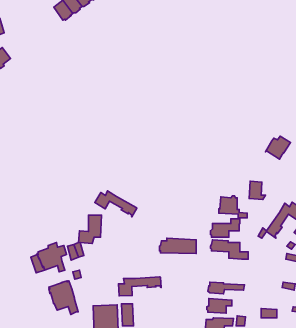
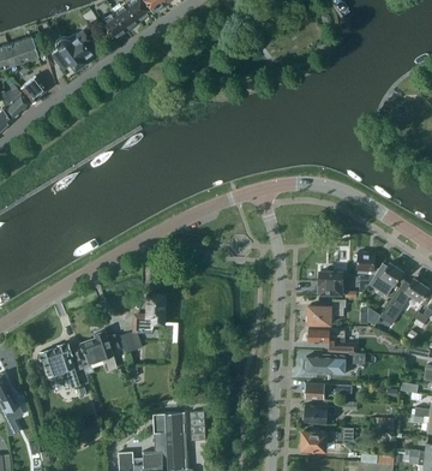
building: none -> [52,32,91,70]
building: [266,136,290,159] -> [371,263,403,293]
building: [95,191,137,217] -> none
building: [160,238,196,254] -> [306,353,354,374]
building: [119,277,161,296] -> none
building: [49,281,78,315] -> [41,345,79,389]

